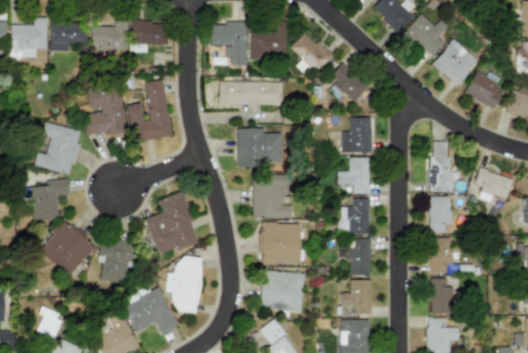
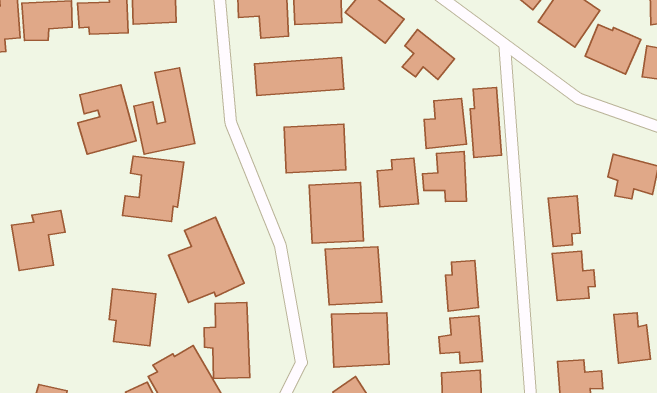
building: [34,123,82,173] -> [122,156,184,222]
building: [430,141,451,192] -> [470,87,502,157]
building: [342,199,371,233] -> [377,158,418,207]
building: [39,221,96,277] -> none
building: [430,278,455,314] -> [614,313,650,363]

